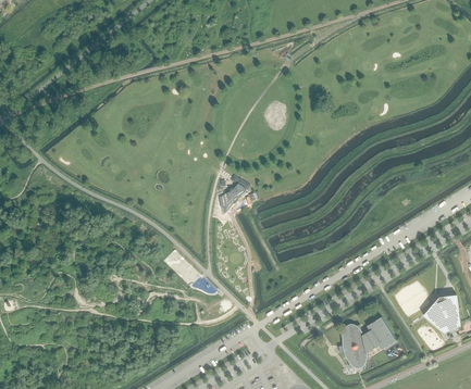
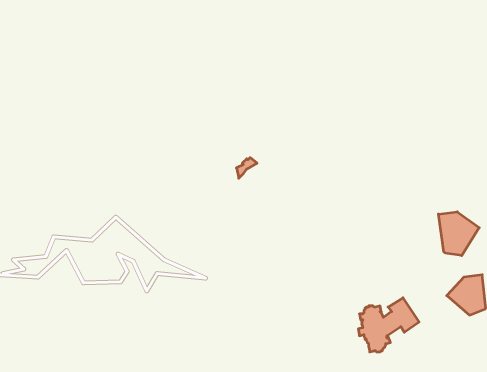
building: none -> [438,212,479,256]

